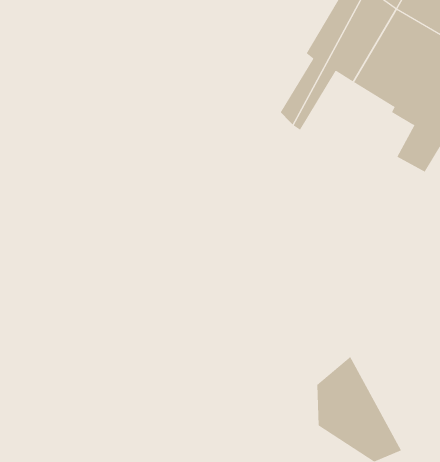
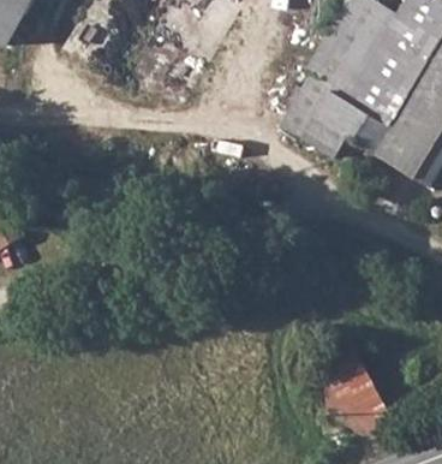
building: none -> [306,84,410,162]

